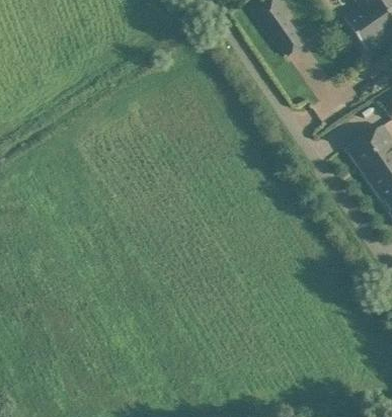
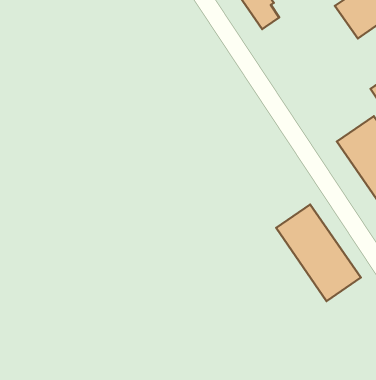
building: none -> [276,204,361,301]

